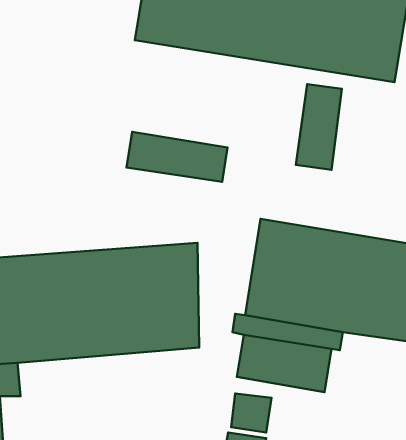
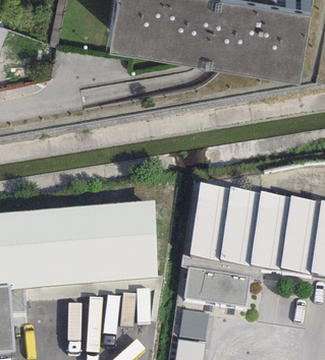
building: [296,84,342,170] -> none
building: [127,132,227,182] -> none

